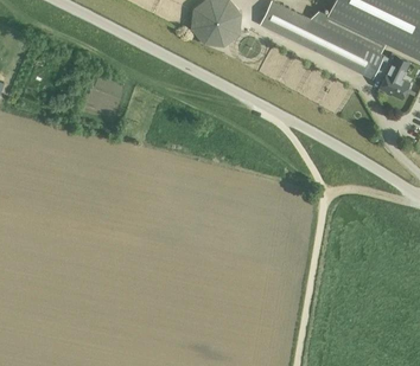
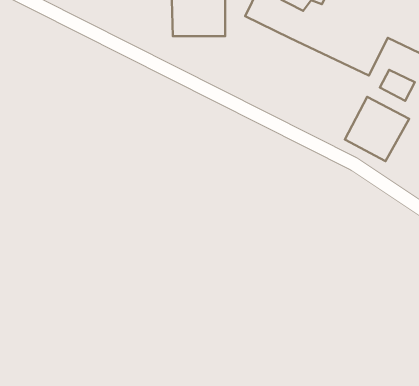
building: none -> [345,97,409,161]

